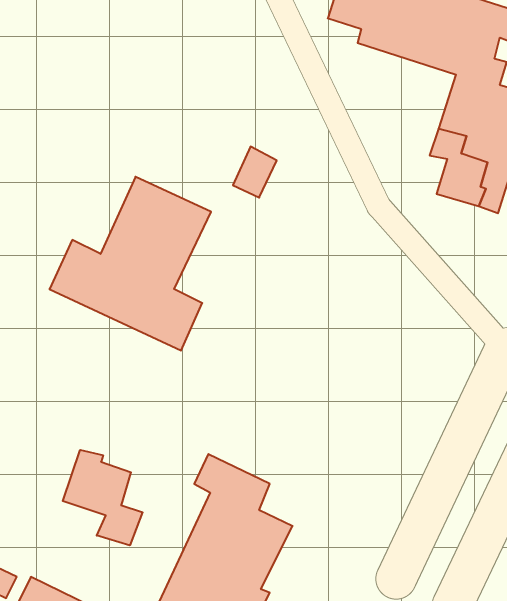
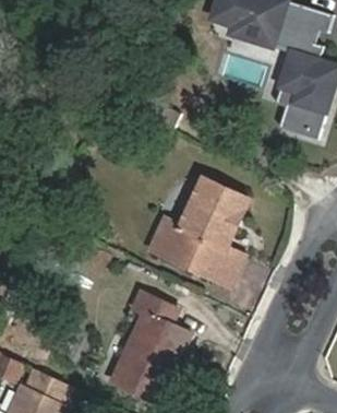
building: [49,177,211,351] -> [148,177,249,285]
building: [63,450,143,545] -> none

